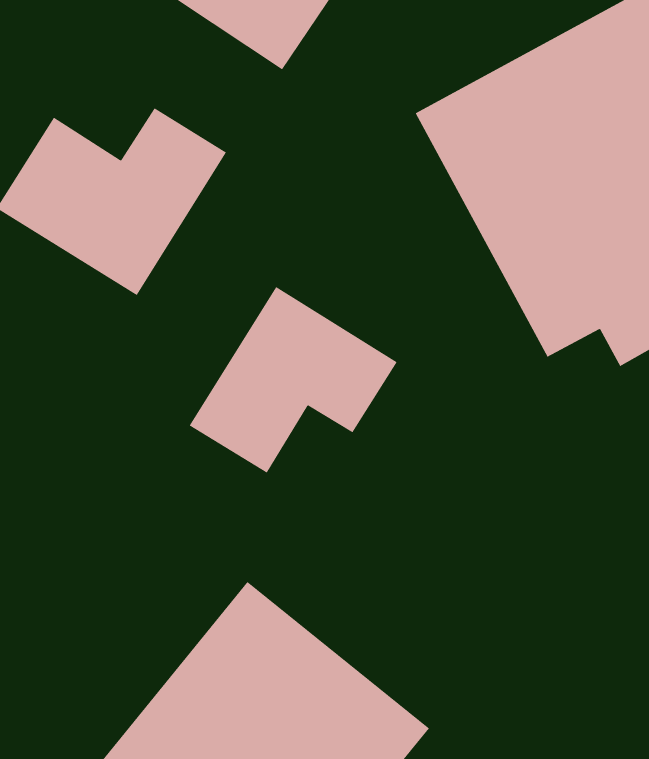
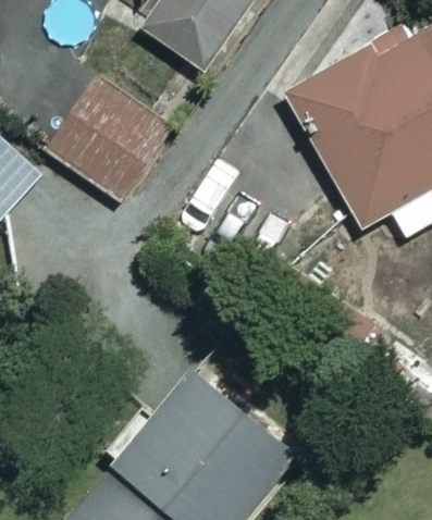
building: [189,286,398,473] -> none

